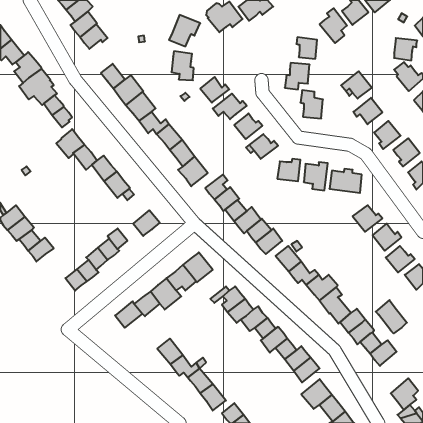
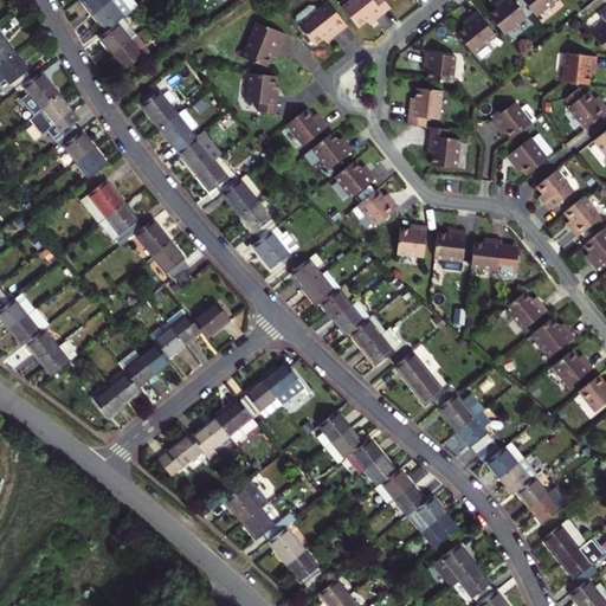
building: none -> [165,308,199,344]
building: [376,300,407,333] -> none
building: none -> [540,518,584,562]

